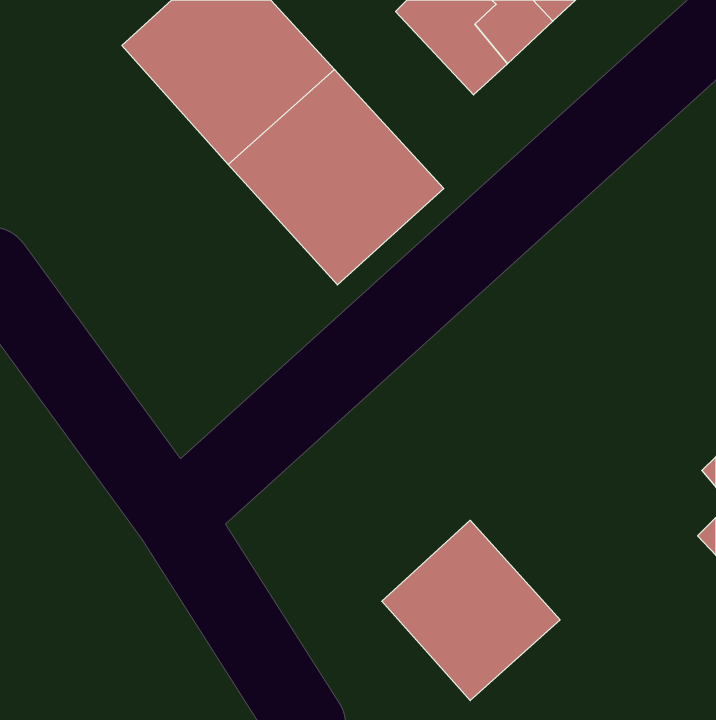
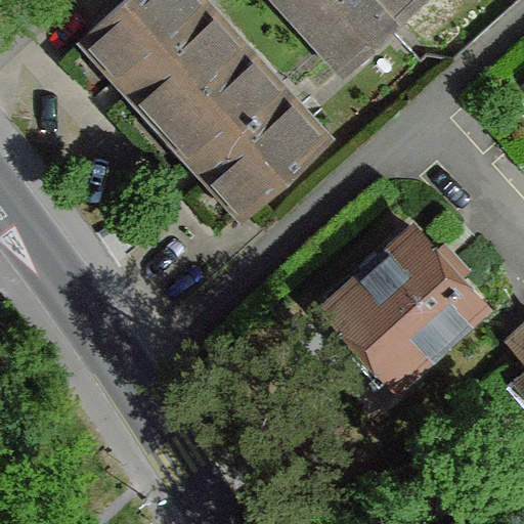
building: none -> [326,231,478,379]
building: [382,520,560,701] -> none

